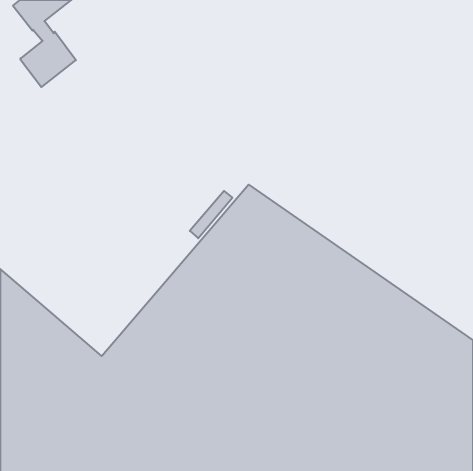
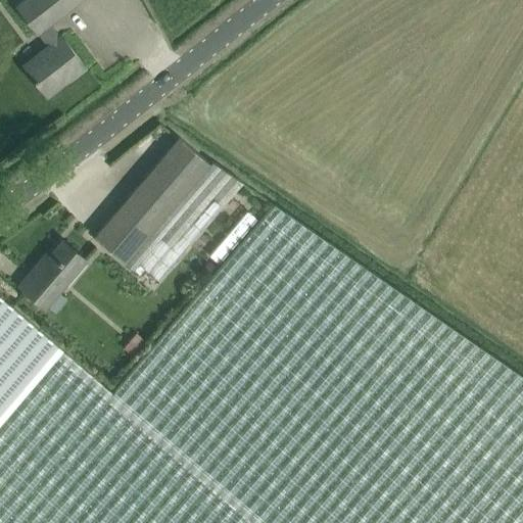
building: none -> [94,139,242,282]
building: none -> [18,243,85,310]

